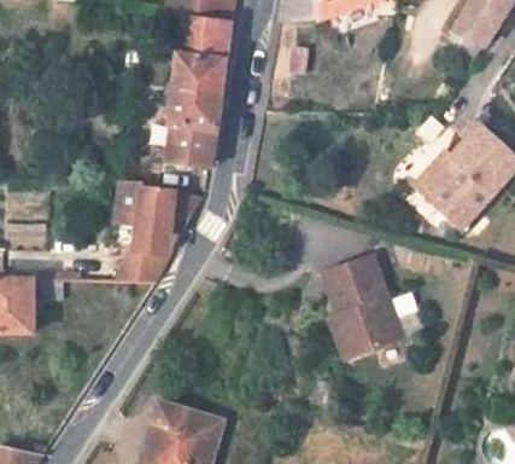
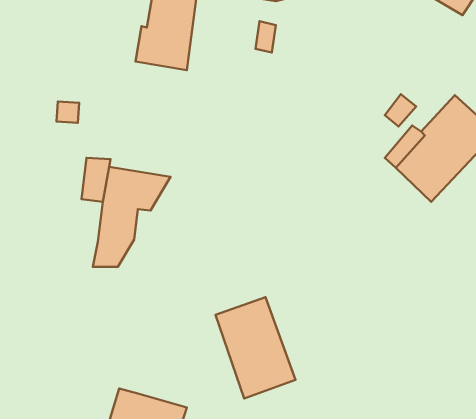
building: [166,85,222,166] -> none
building: [320,246,397,344] -> [215,297,296,399]

